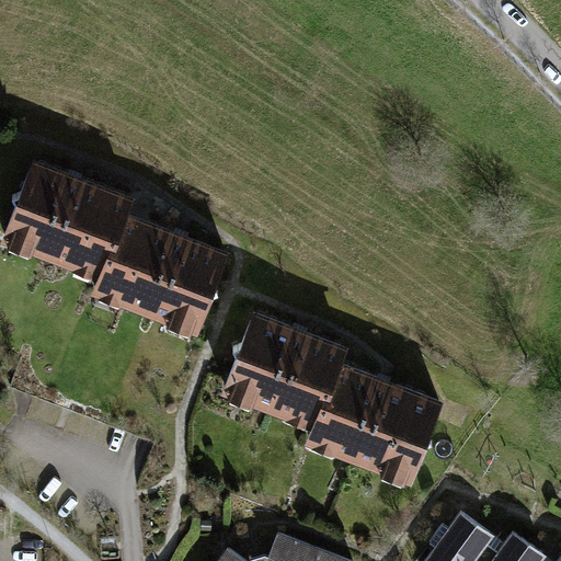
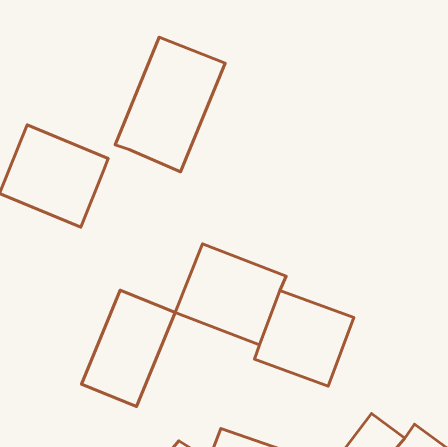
building: none -> [115,37,225,172]
building: [95,215,228,339] -> none
building: none -> [82,290,175,407]

